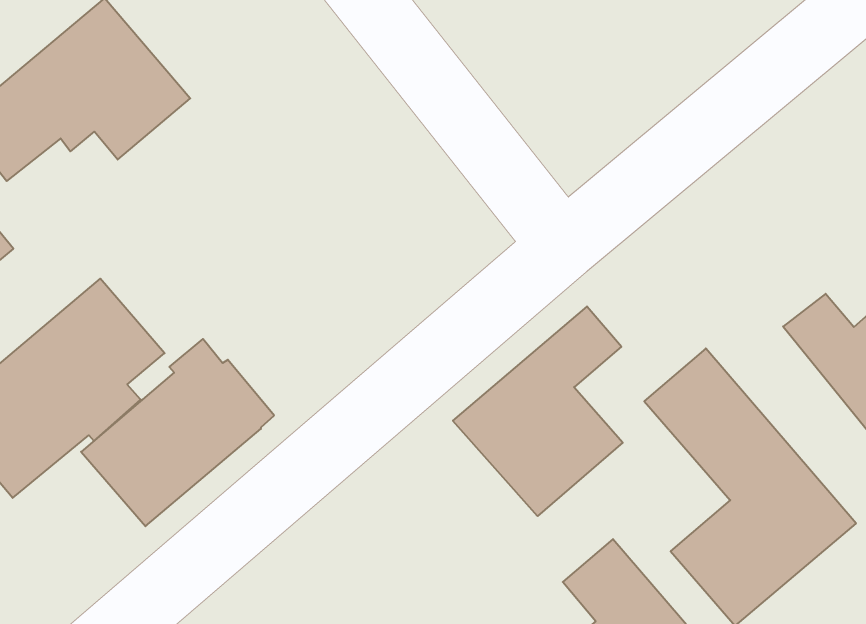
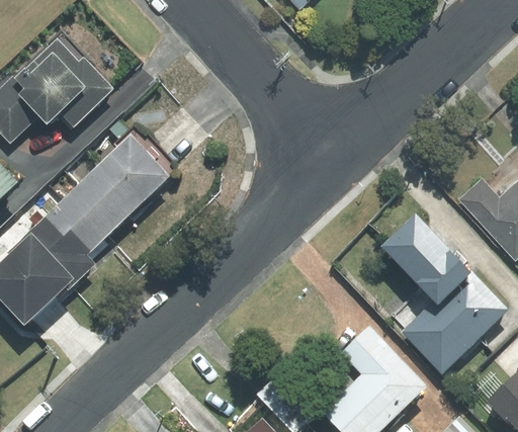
building: [453,306,623,516] -> none
building: [81,339,274,526] -> [67,127,176,237]

